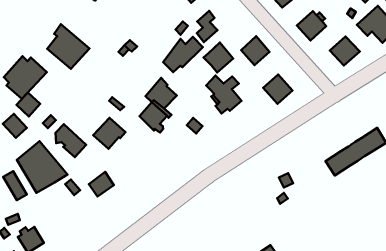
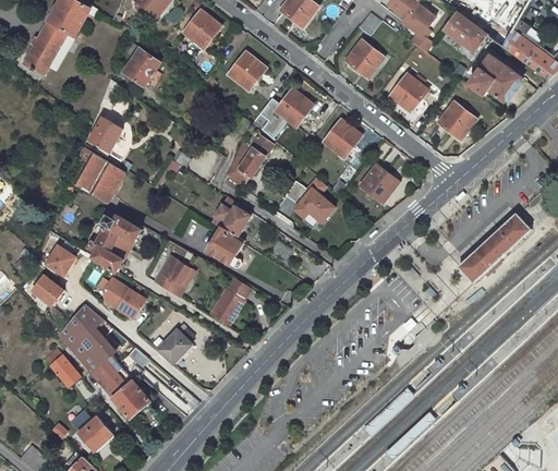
building: none -> [92,118,124,150]
building: [204,43,233,72] -> [276,88,314,128]
building: [4,56,47,99] -> [86,214,141,269]
building: none -> [206,278,247,328]
building: none -> [90,353,149,418]

